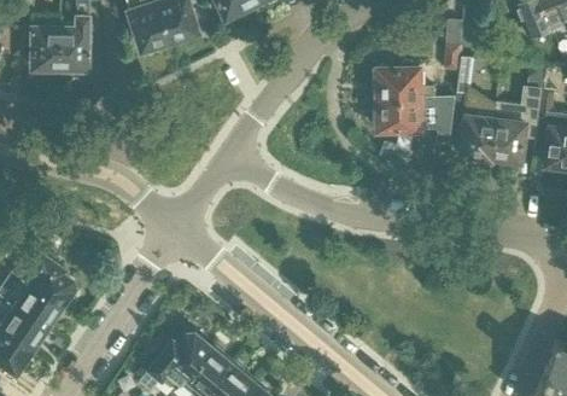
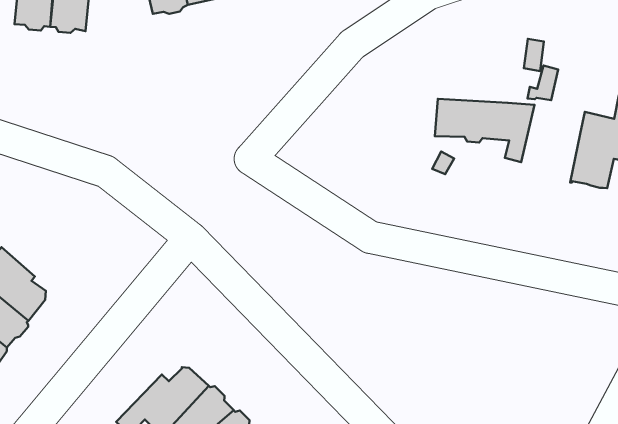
building: [375,68,433,100] -> none
building: [458,99,493,159] -> none

